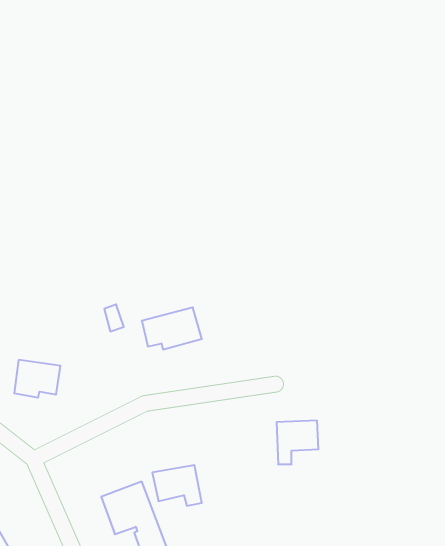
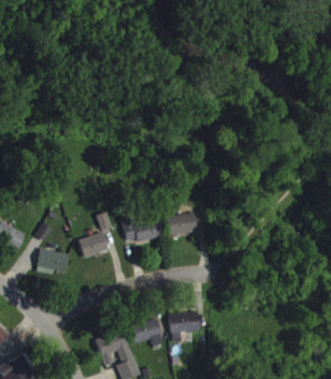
building: none -> [165,212,196,235]
building: none -> [79,232,108,256]
building: [277,421,319,464] -> [170,312,198,341]

